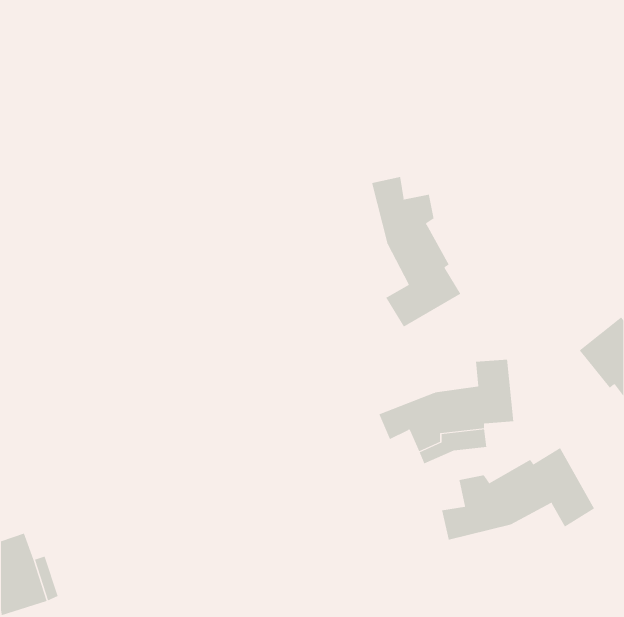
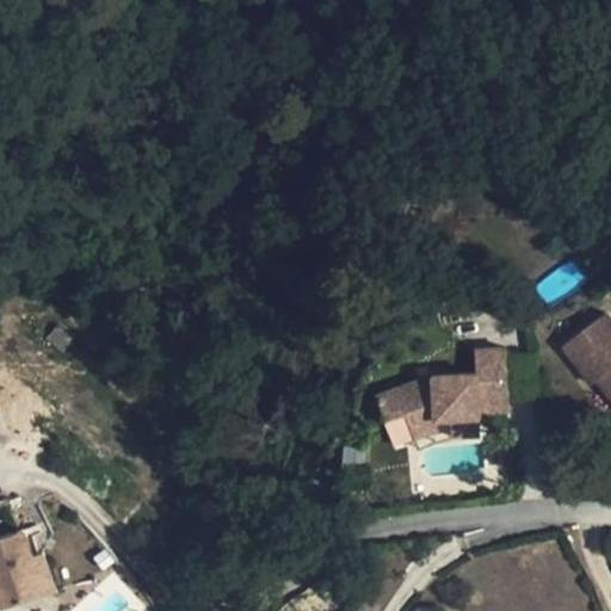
building: [372,176,461,327] -> none
building: [441,447,595,541] -> none

